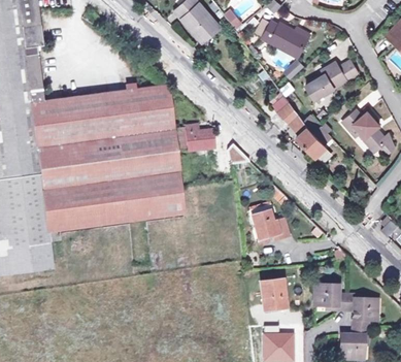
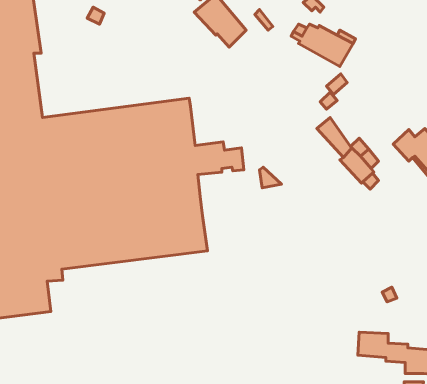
building: [307,63,360,102] -> none
building: [248,209,286,237] -> none
building: [260,279,286,307] -> none

